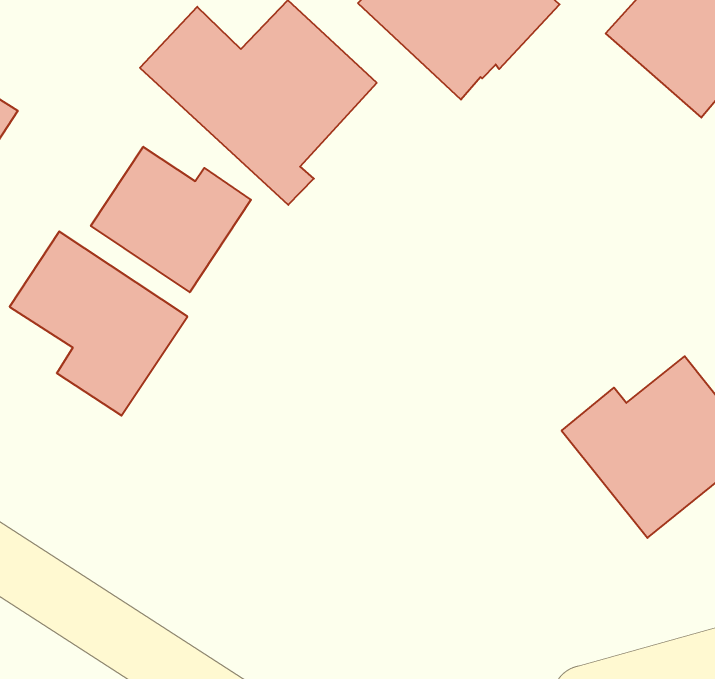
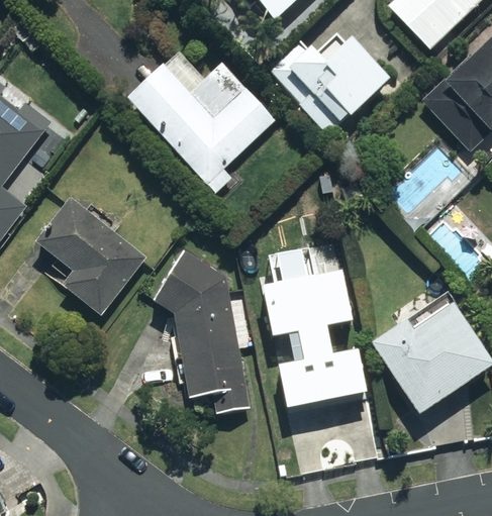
building: [91,147,251,292] -> none
building: none -> [156,250,248,411]
building: none -> [265,272,368,408]

